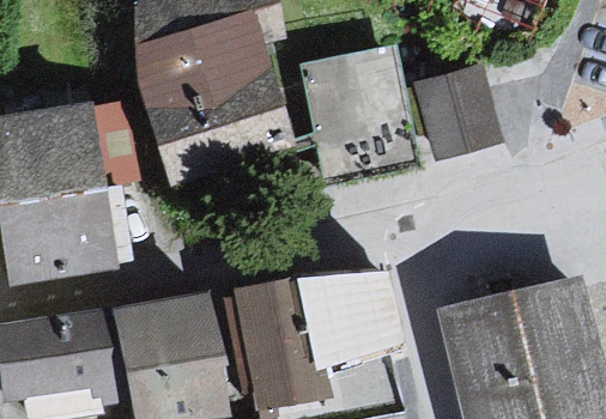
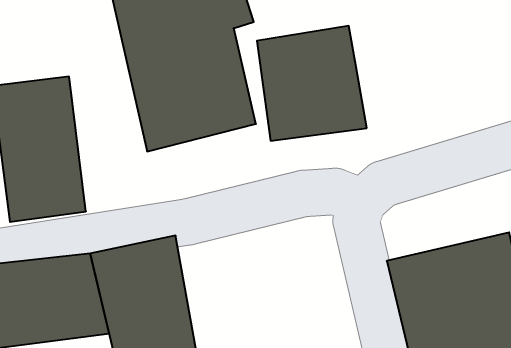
building: [410,81,496,164] -> none
building: [225,268,405,407] -> none

